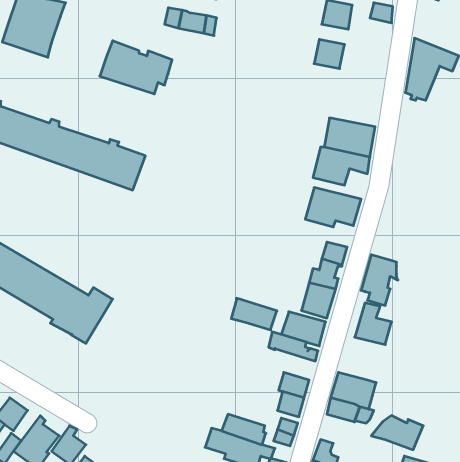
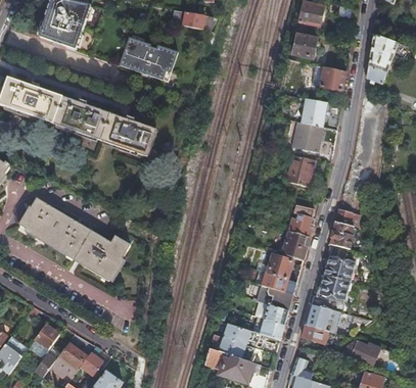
building: none -> [319,66,345,92]
building: [231,298,277,330] -> [256,284,292,309]
building: none -> [311,275,349,311]
building: none -> [222,323,255,346]

